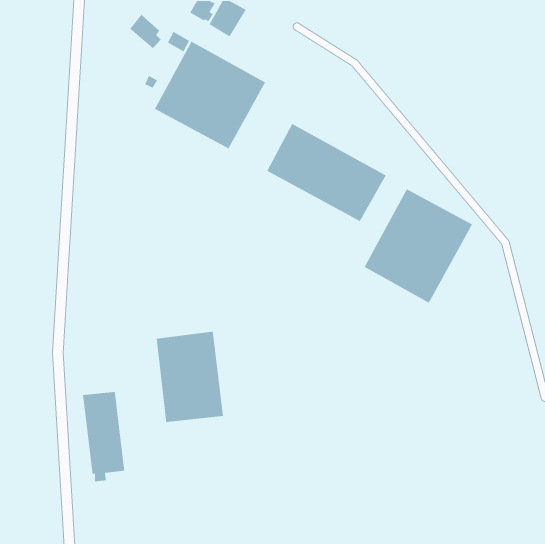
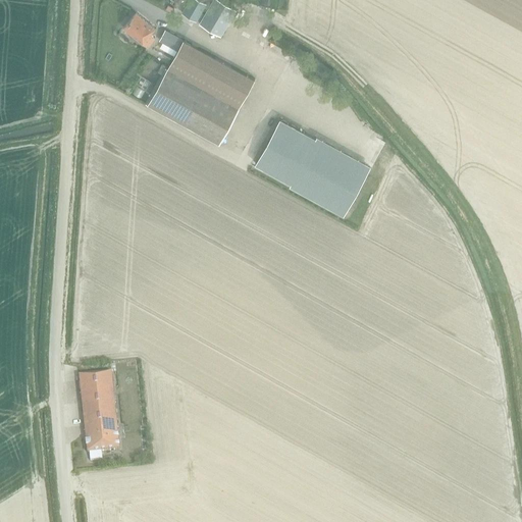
building: [364,188,473,304] -> none
building: [156,331,224,423] -> none

